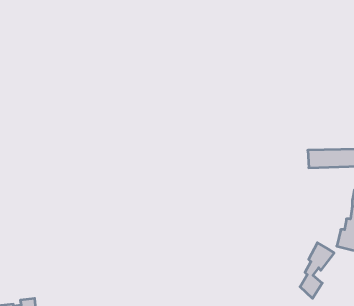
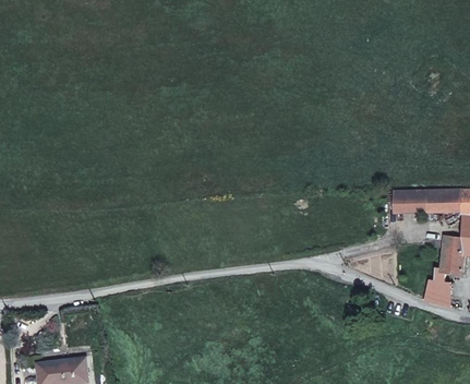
building: [300,243,334,298] -> none

